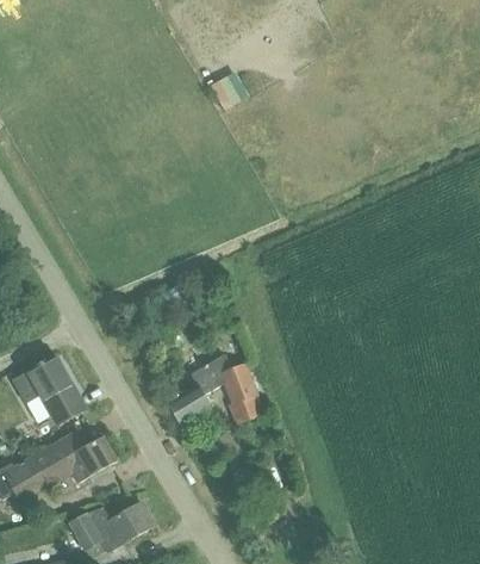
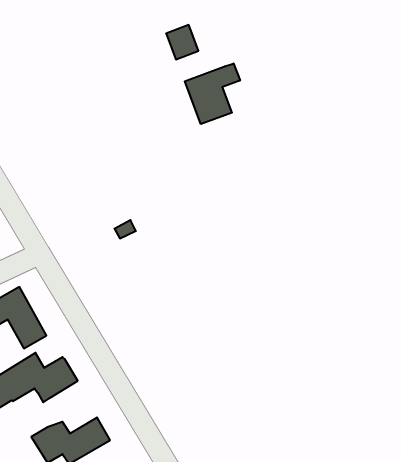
building: none -> [185,63,240,124]
building: [164,353,260,421] -> none

